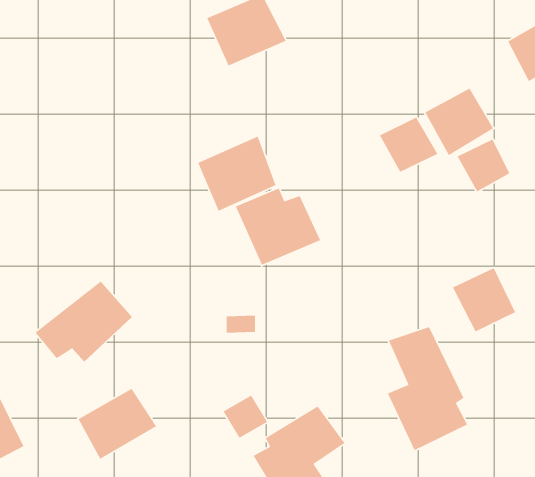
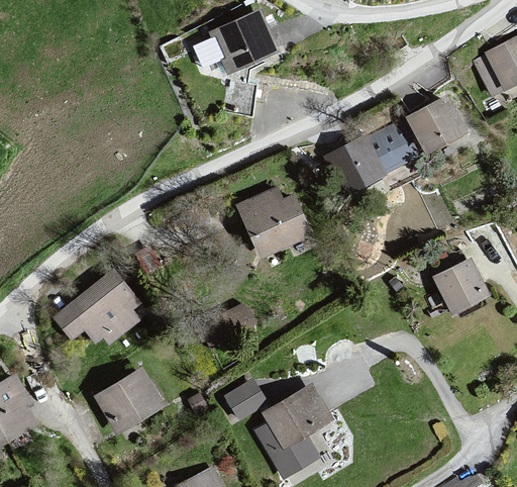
building: none -> [325,138,385,192]
building: [197,136,276,212] -> none
building: [457,138,511,193] -> none
building: [387,326,468,451] -> none

